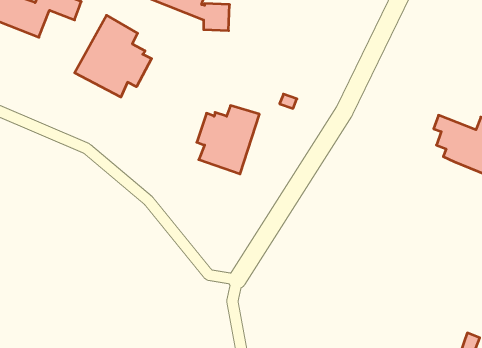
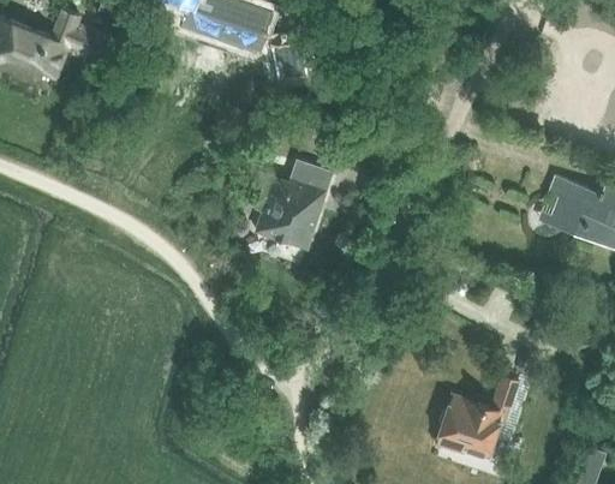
building: [75,15,152,97] -> none
building: none -> [436,372,520,459]

